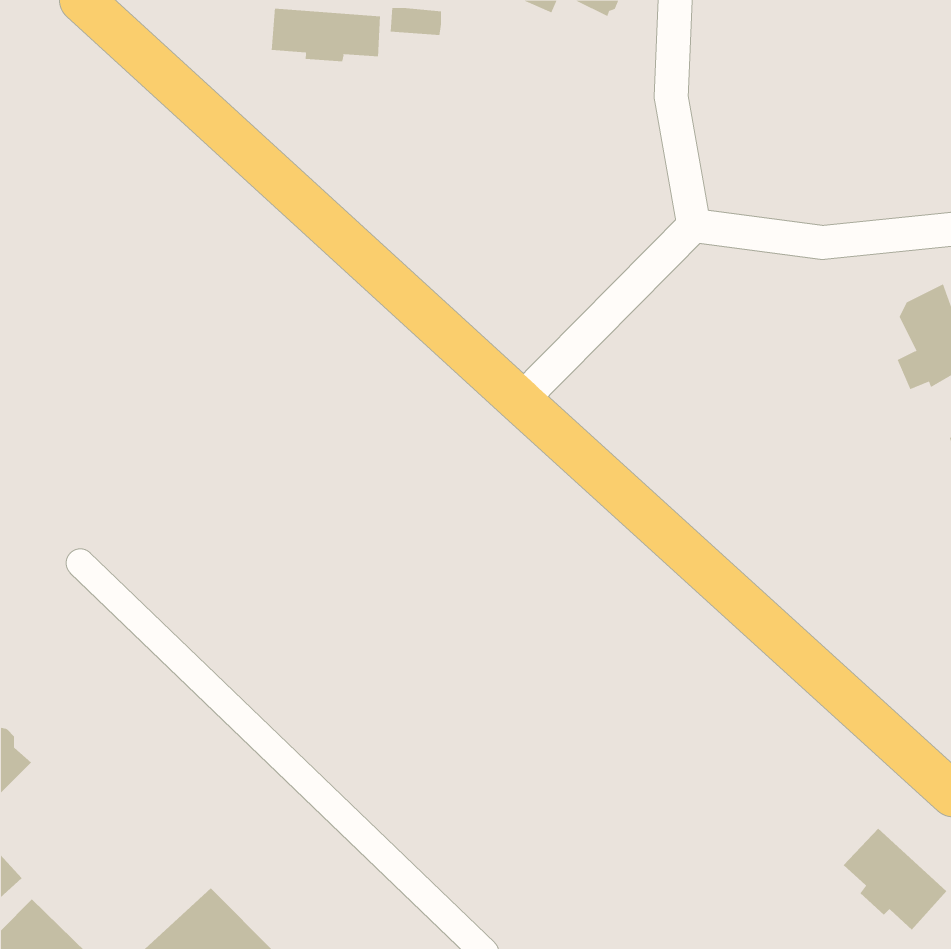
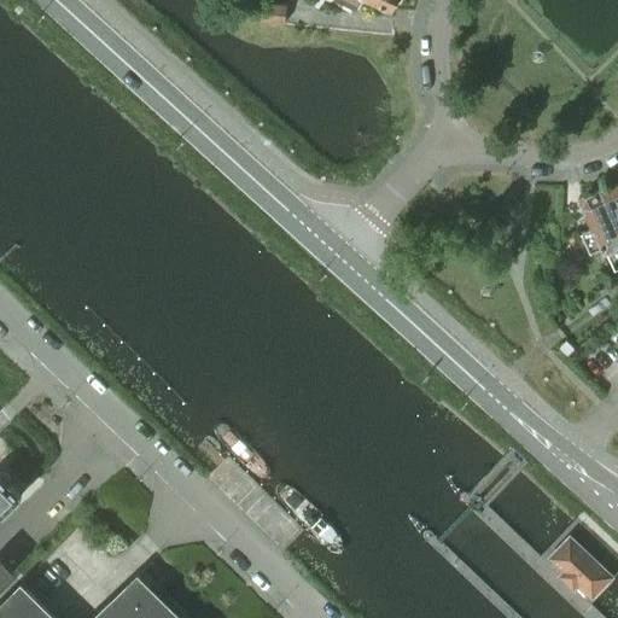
building: [271,8,381,62] -> none

